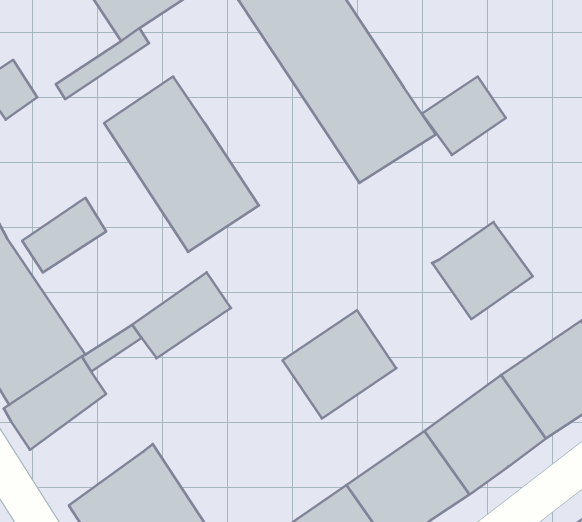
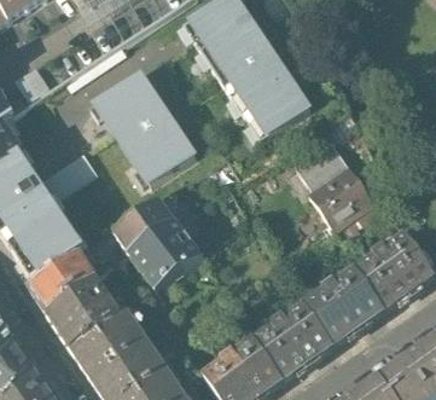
building: [422,77,506,155] -> [295,139,349,190]
building: [283,310,396,418] -> [130,221,204,291]
building: none -> [48,277,122,349]

